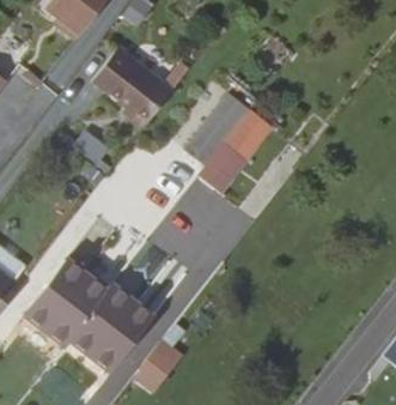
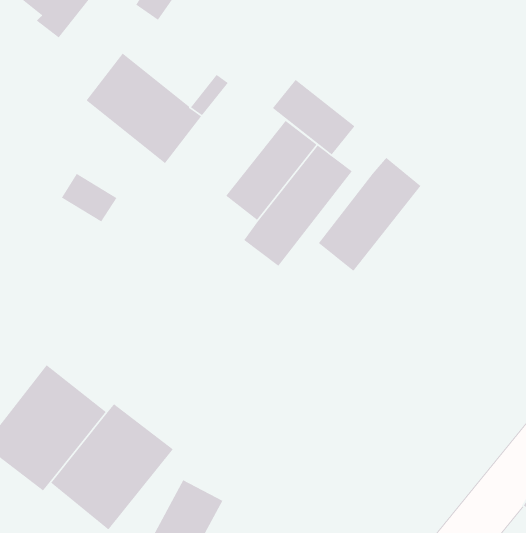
building: none -> [272,79,355,156]
building: none -> [318,157,422,272]

